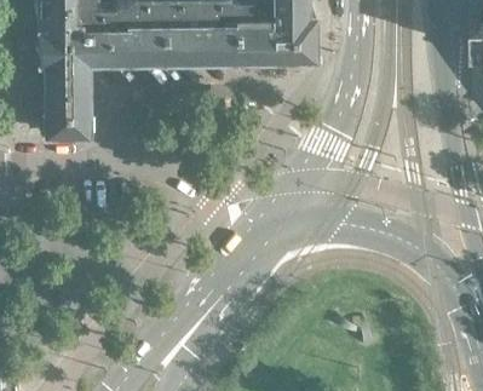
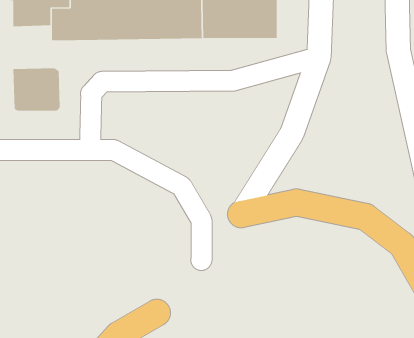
building: [44,47,87,92] -> none

